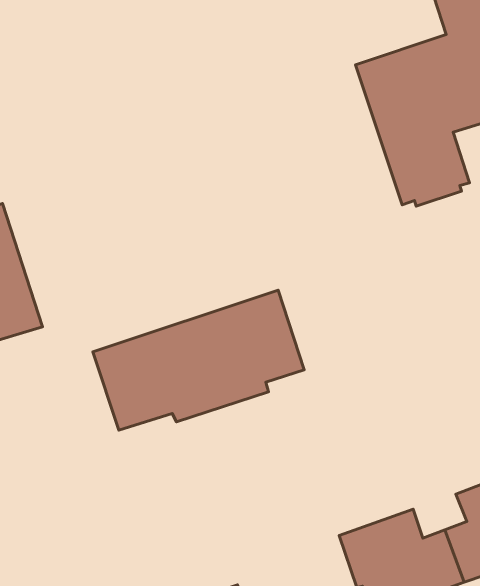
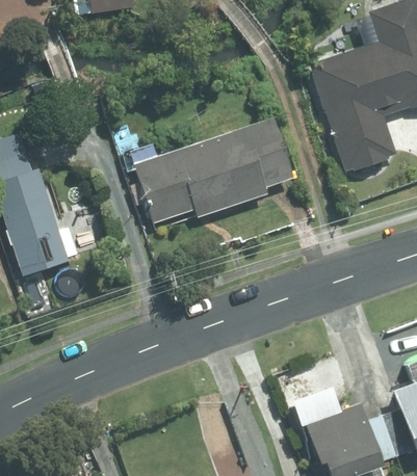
building: [93,290,304,430] -> [134,117,294,223]

